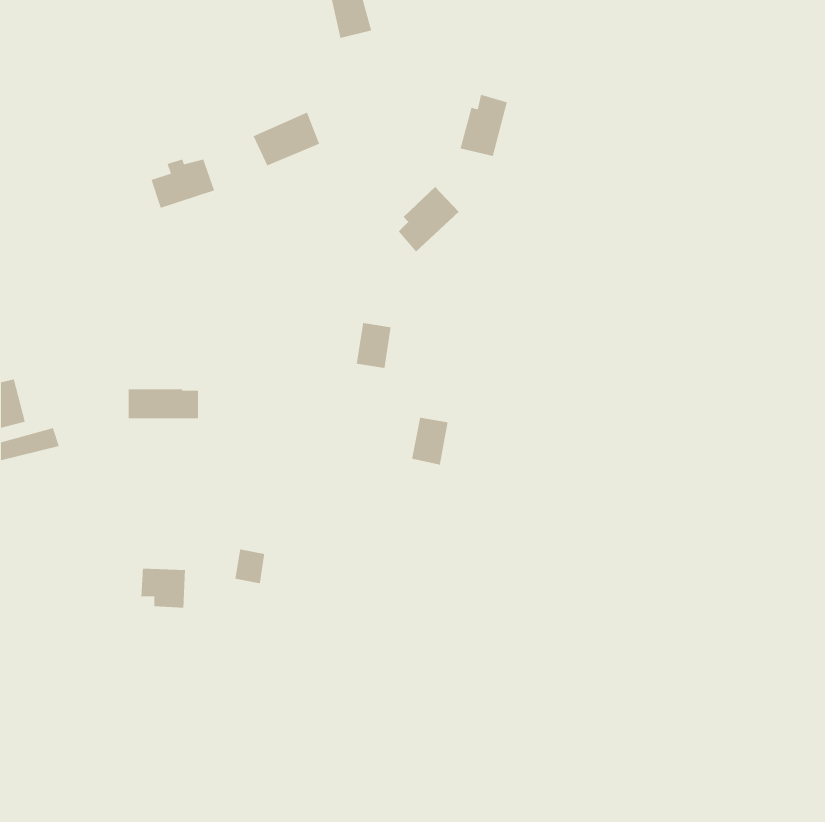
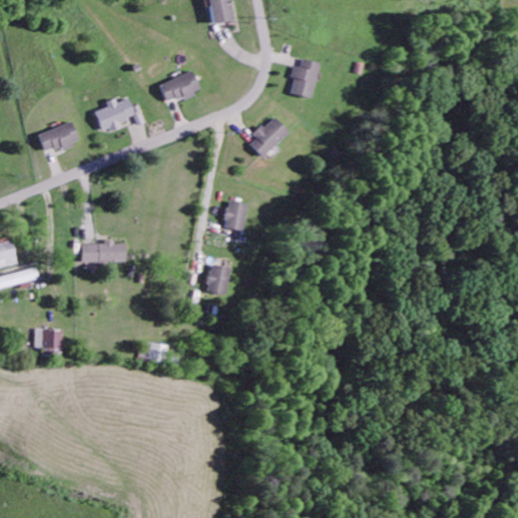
building: none -> [37,121,79,155]
building: [411,417,449,466] -> [205,265,229,295]
building: [141,568,186,608] -> [34,330,63,355]

